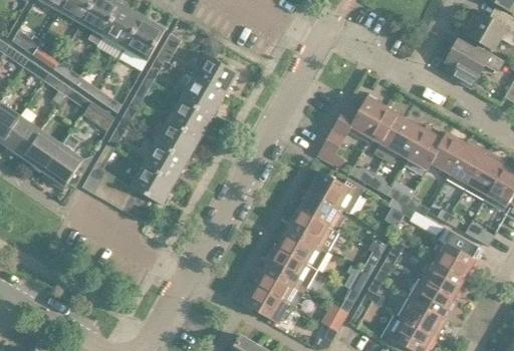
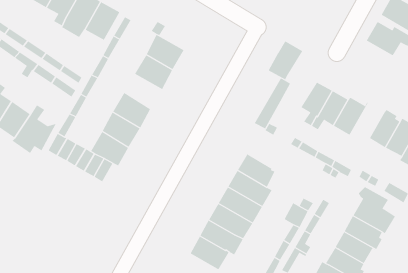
building: [348,96,389,141] -> [268,41,303,80]
building: [169,99,213,139] -> none
building: [427,132,466,172] -> none
building: [308,170,363,214] -> none

